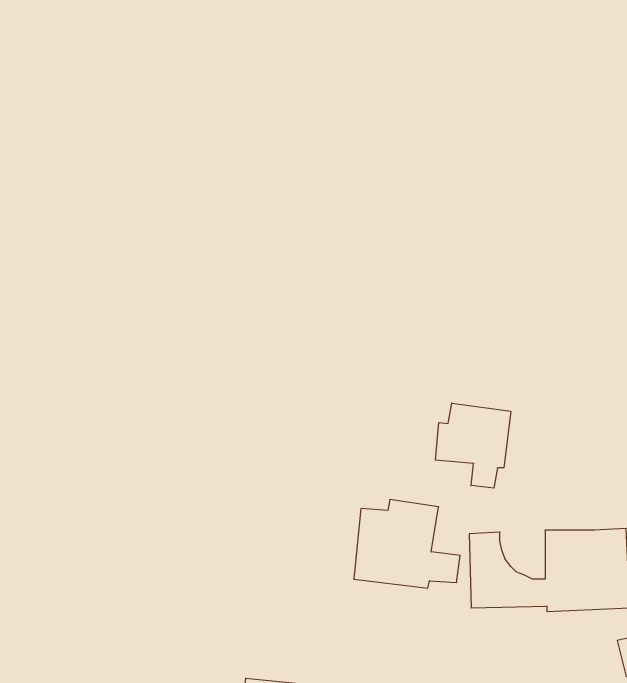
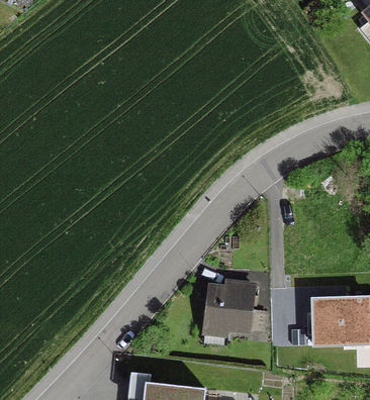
building: [435,403,511,488] -> none

